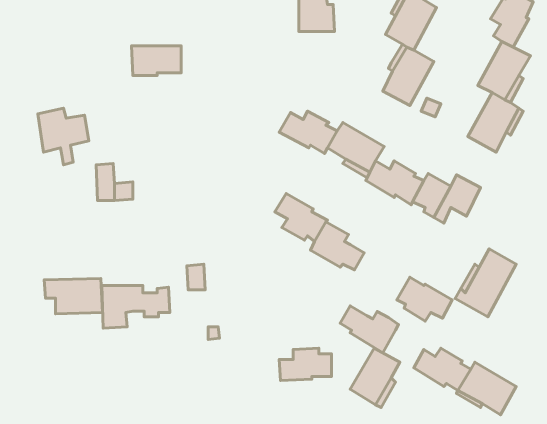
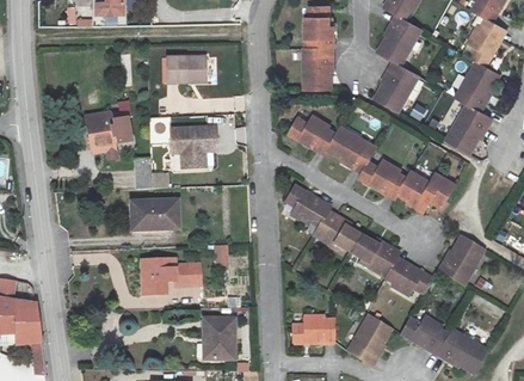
building: none -> [303,48,332,90]
building: none -> [168,128,215,170]
building: [44,278,102,314] -> [129,202,178,232]
building: [340,306,398,353] -> [352,234,401,274]
building: none -> [201,318,232,358]

